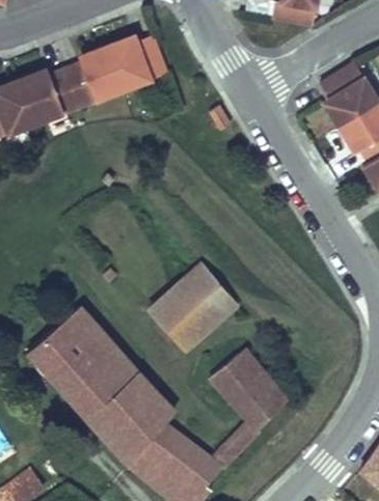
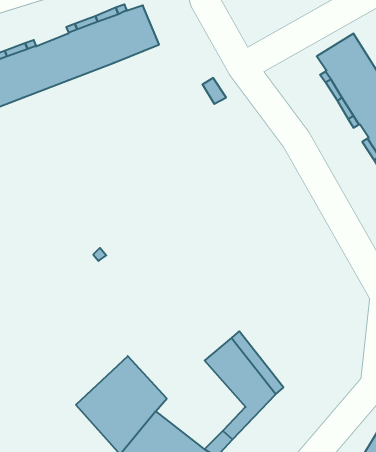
building: [150,265,236,349] -> none
building: [27,306,137,418] -> none

